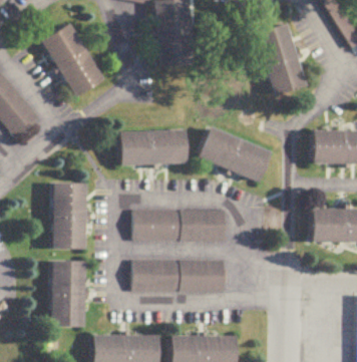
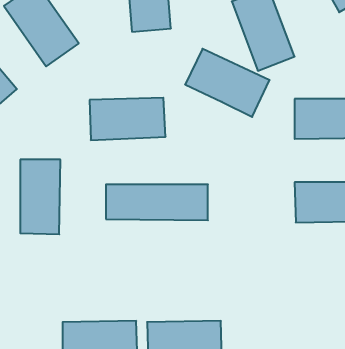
building: [193,126,271,190] -> [185,49,270,117]
building: [131,258,226,291] -> none
building: [51,261,88,330] -> none

